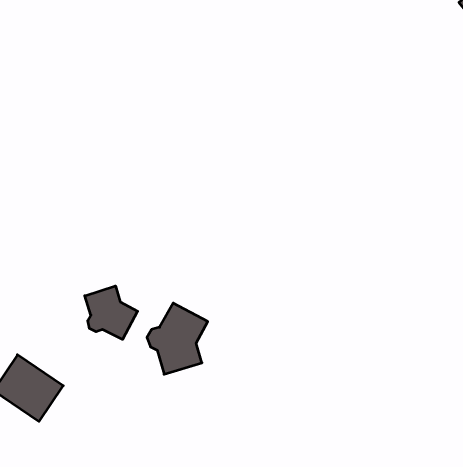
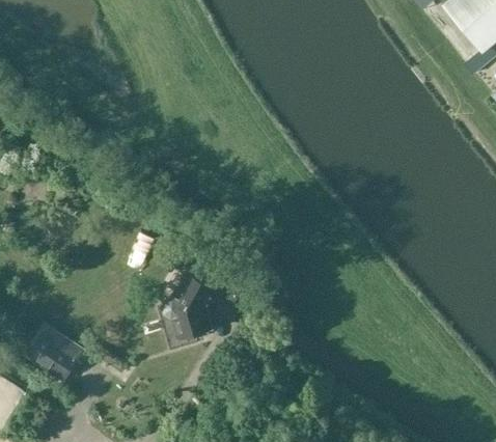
building: [85,286,138,339] -> none

